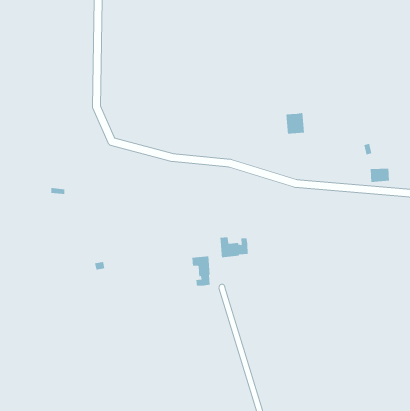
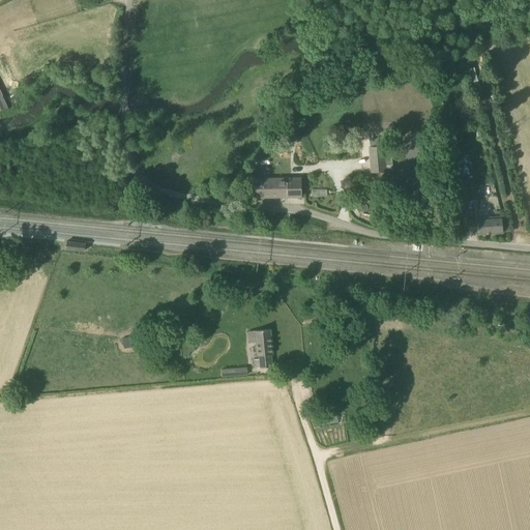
building: none -> [253,178,300,197]
building: [220,237,248,258] -> none

